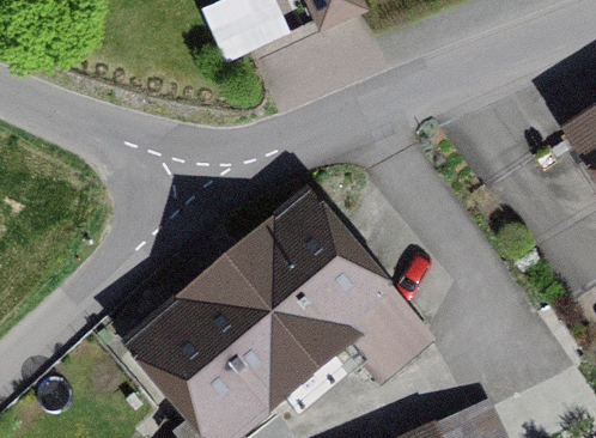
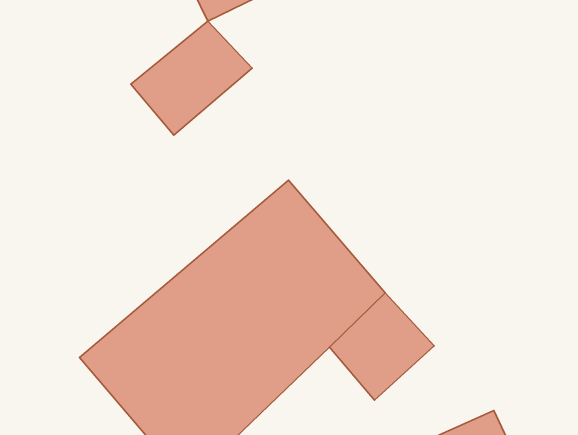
building: none -> [131,21,252,135]

